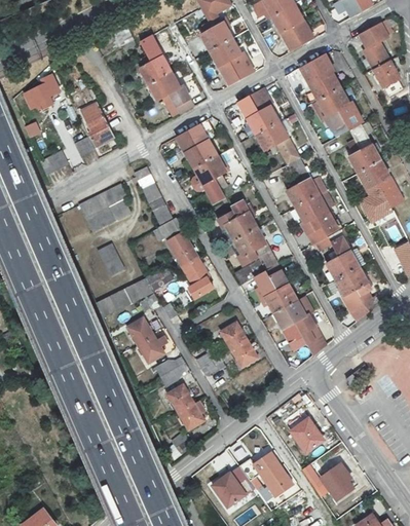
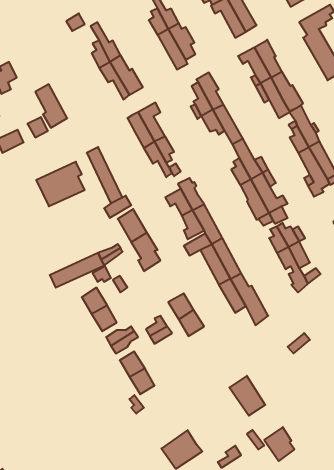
building: [98,242,123,275] -> none
building: [240,454,288,489] -> none

